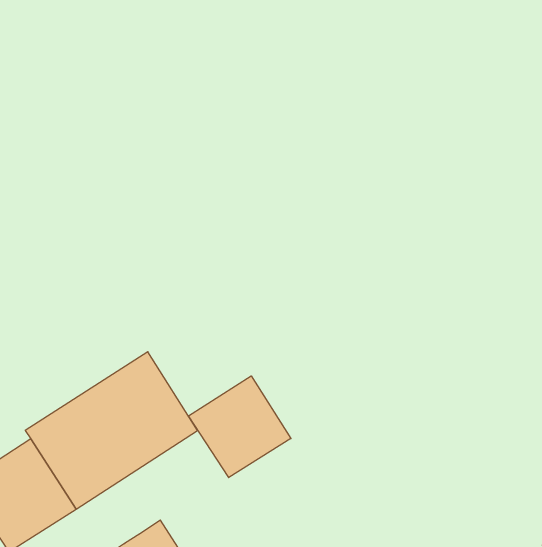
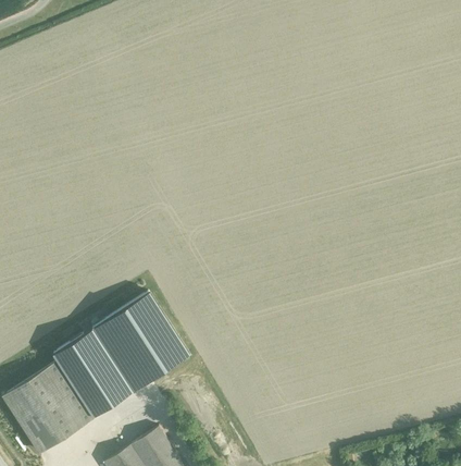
building: [189,376,291,478] -> none

